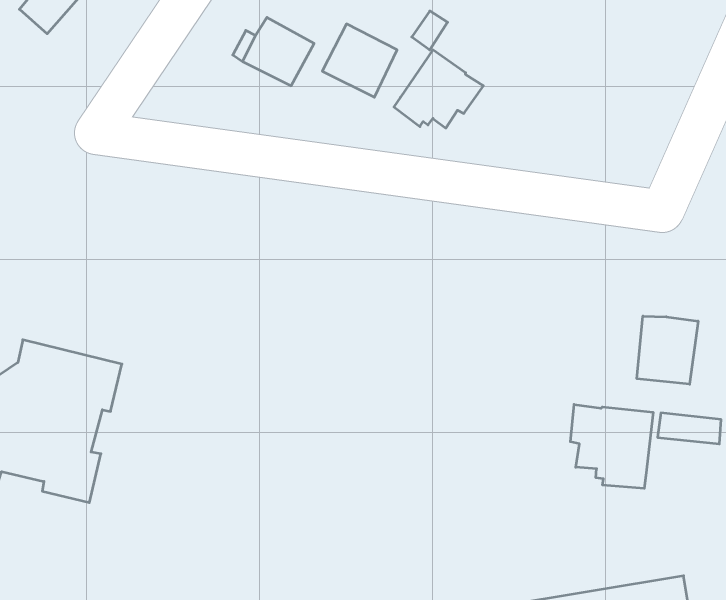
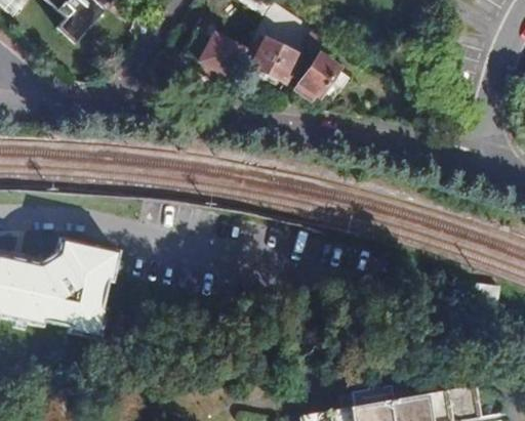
building: [637,316,698,384] -> none
building: [570,404,653,488] -> none

